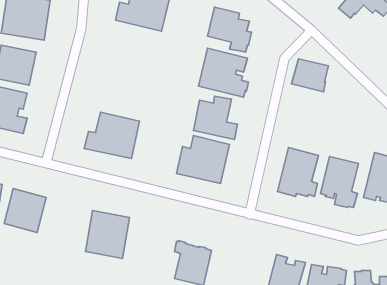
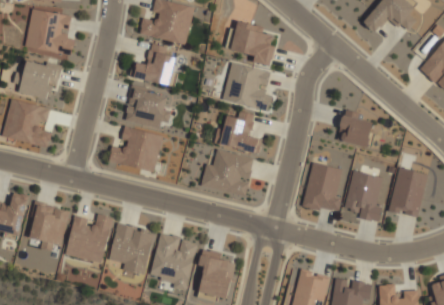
building: none -> [132,44,177,85]
building: [291,59,328,92] -> [336,115,373,148]
building: none -> [126,88,169,128]
building: none -> [66,214,114,263]
building: none -> [150,233,198,291]

